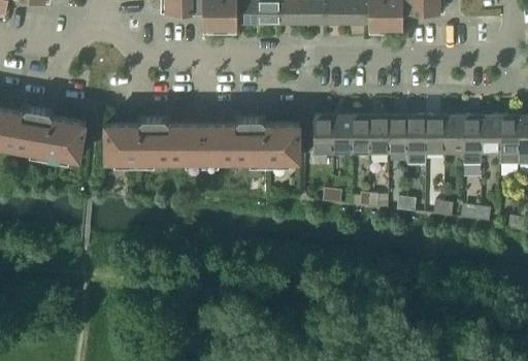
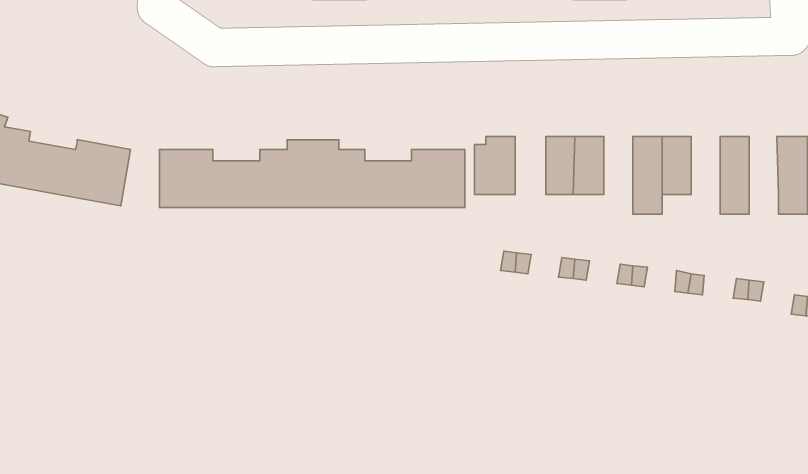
building: [332,117,352,154] -> none
building: [389,117,407,154] -> none
building: [444,117,463,154] -> none
building: [482,117,500,154] -> none

